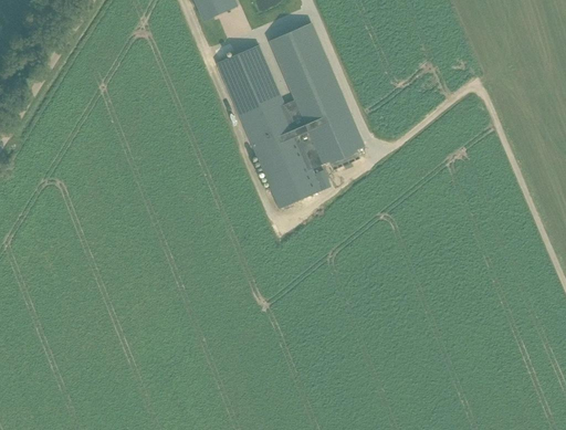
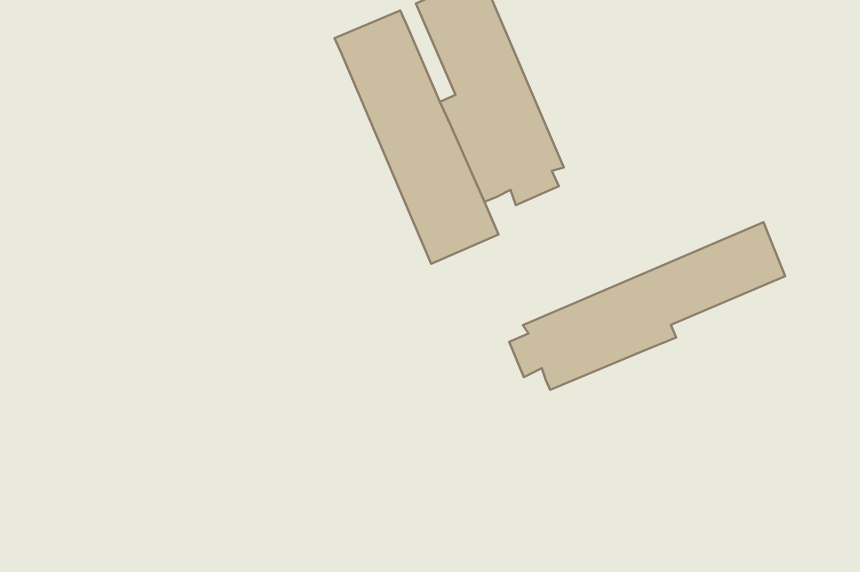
building: none -> [509,222,785,390]

